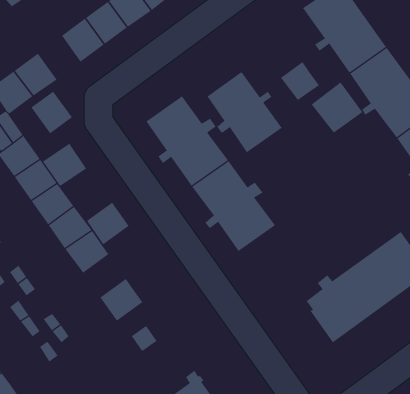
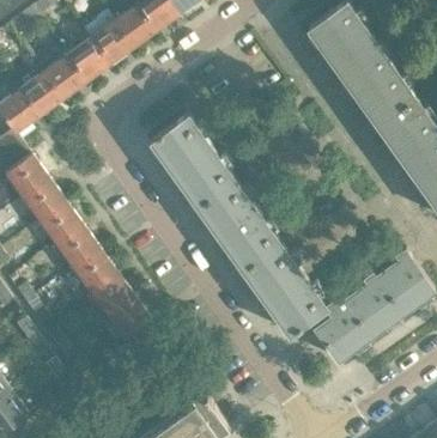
building: [280,61,320,101] -> none
building: [206,71,282,153] -> none
building: [311,82,363,133] -> none
building: [31,91,73,134] -> [45,55,87,98]
building: [42,143,87,187] -> none
building: [86,202,129,245] -> [90,272,133,315]
building: none -> [244,243,327,334]

